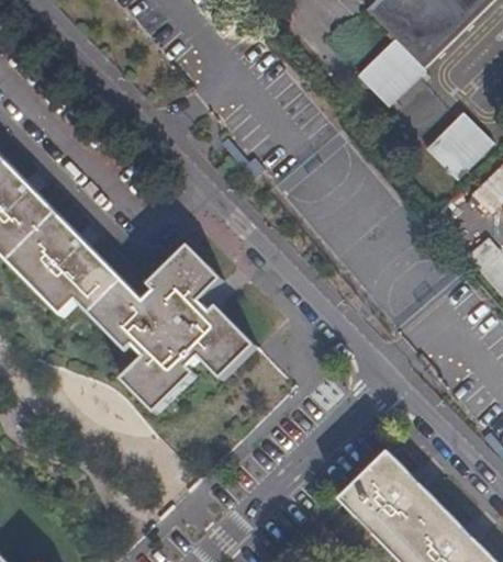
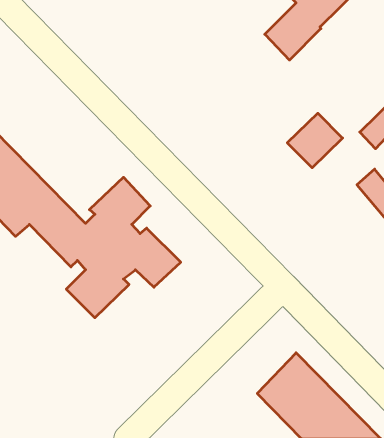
building: [425,113,491,178] -> [287,113,343,168]

